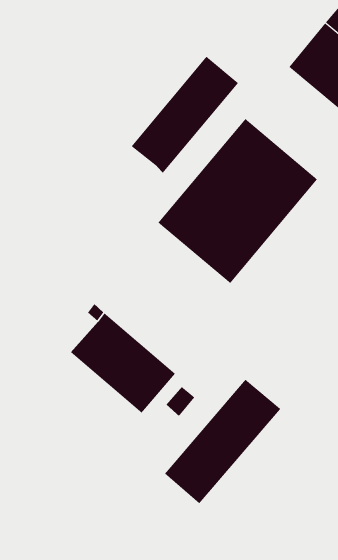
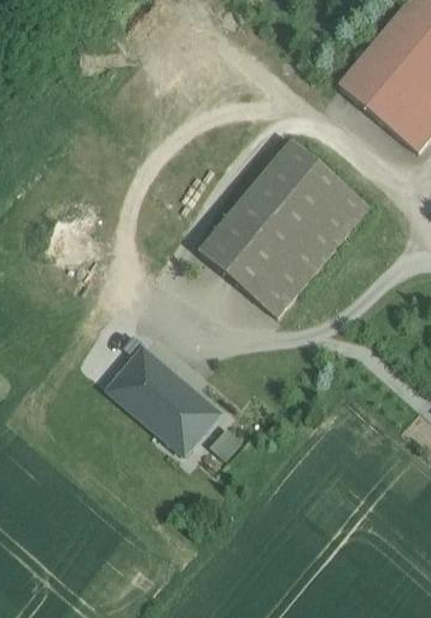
building: [131,56,239,173] -> none
building: [164,379,281,504] -> none

